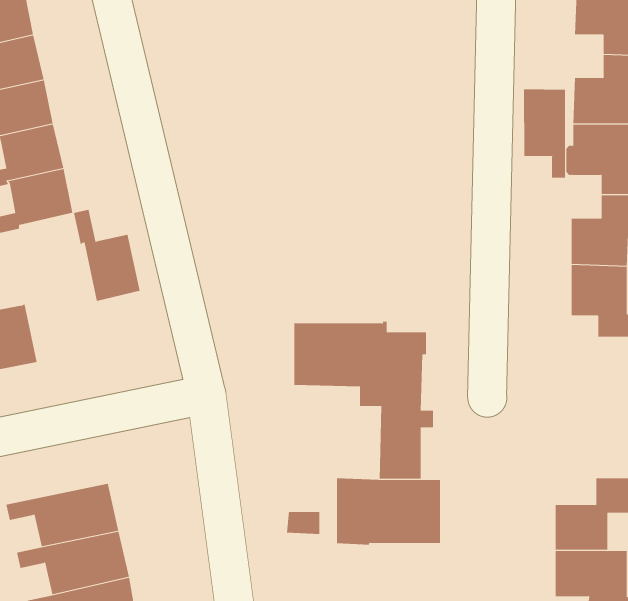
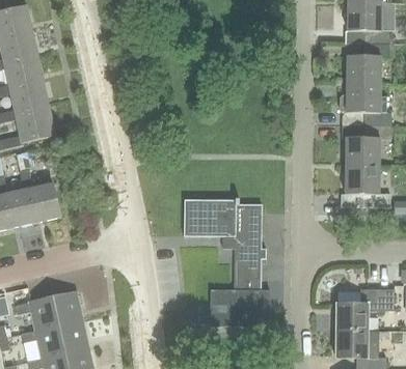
building: [524,89,565,179] -> none
building: [73,209,141,302] -> [20,167,59,221]

